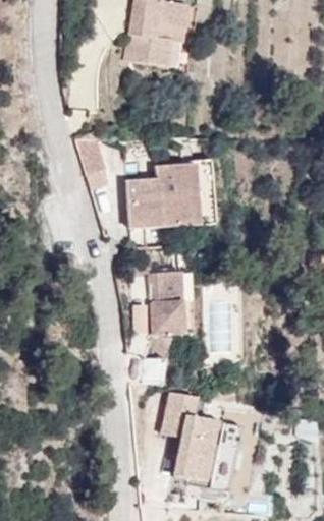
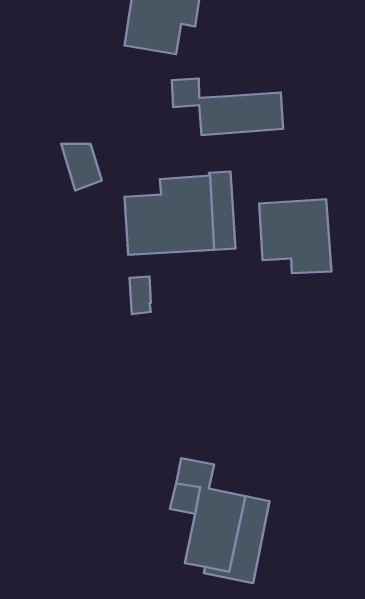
building: none -> [172,78,283,135]
building: none -> [259,199,331,273]
building: [149,271,183,334] -> none

